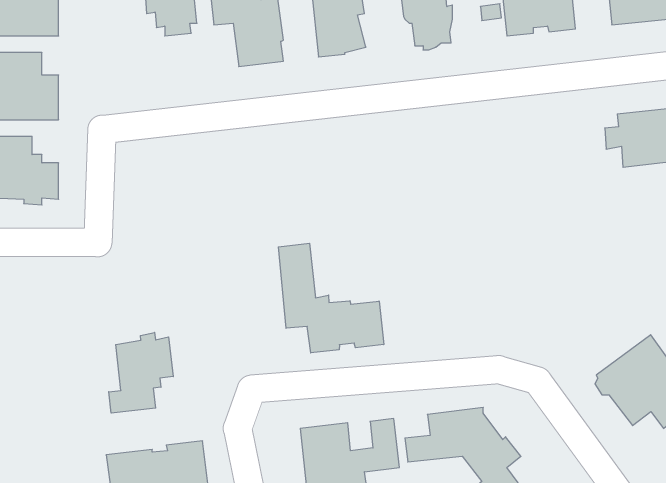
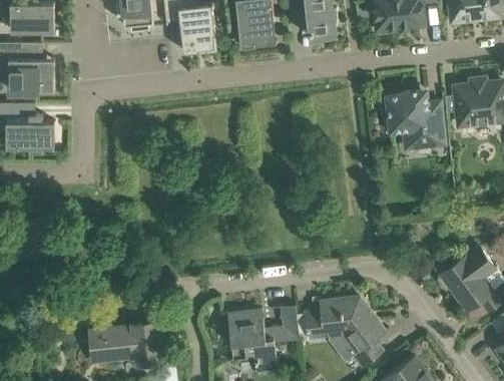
building: none -> [385,90,443,149]
building: [278,243,384,353] -> none
building: [109,332,173,413] -> none

